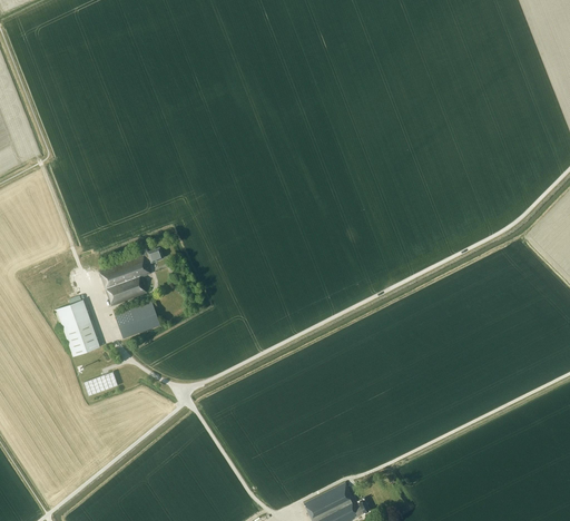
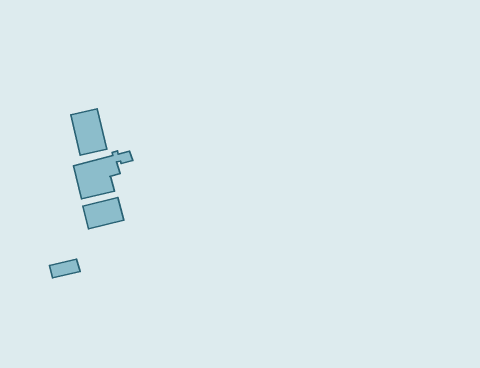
building: none -> [71,109,107,155]
building: [57,302,100,358] -> none

